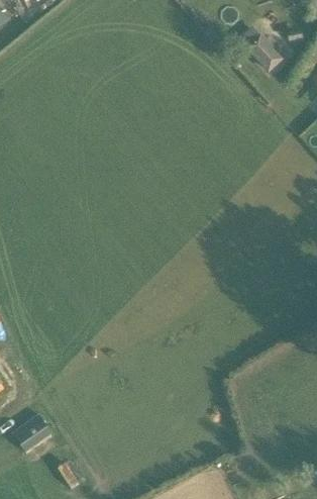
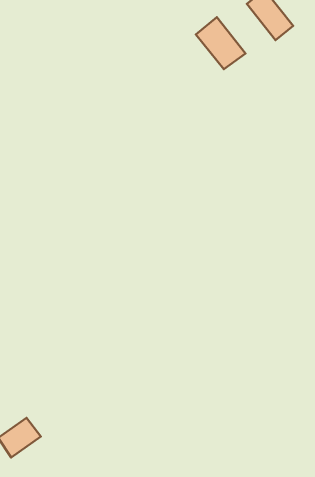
building: none -> [196,17,246,69]

